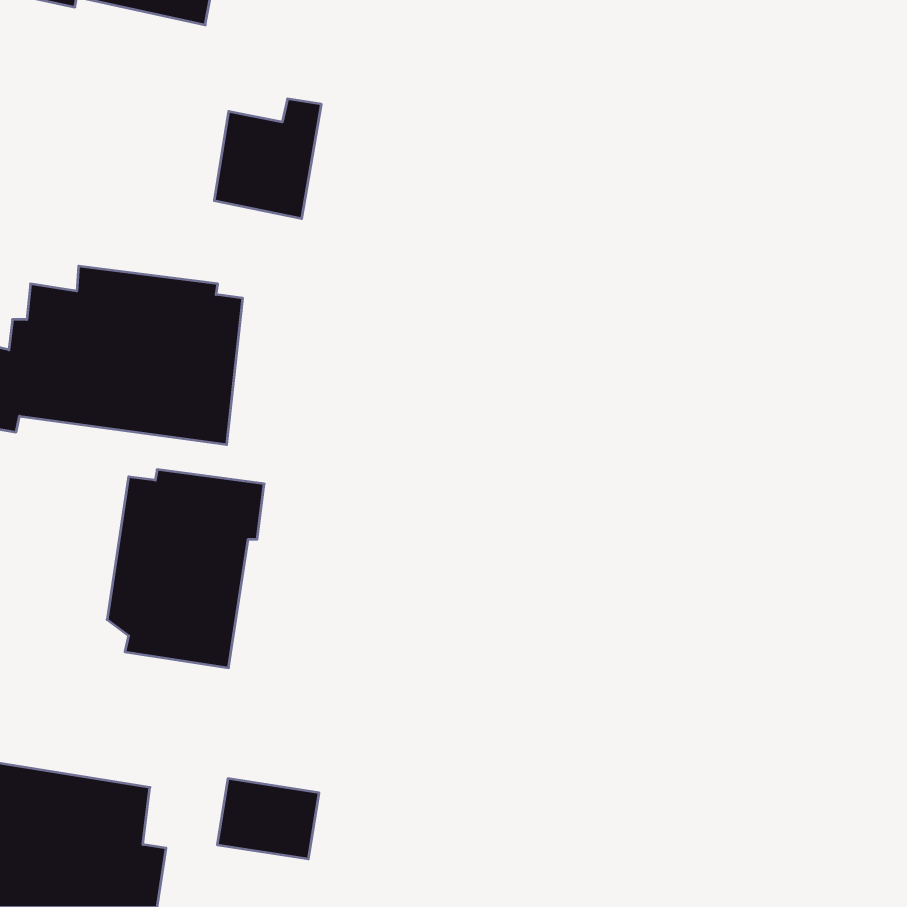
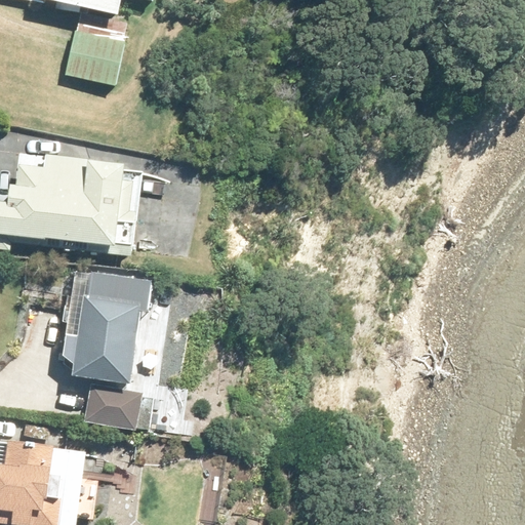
building: [214,99,321,219] -> [65,16,126,85]
building: [217,779,319,859] -> [83,382,142,429]

